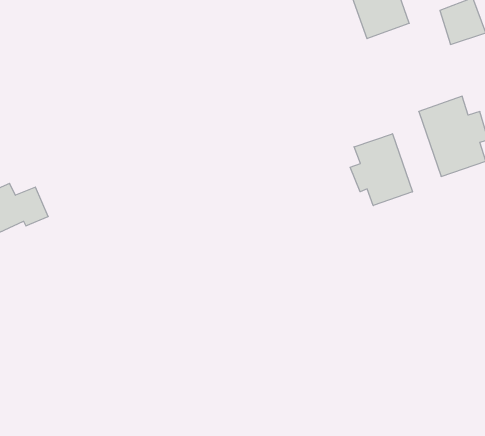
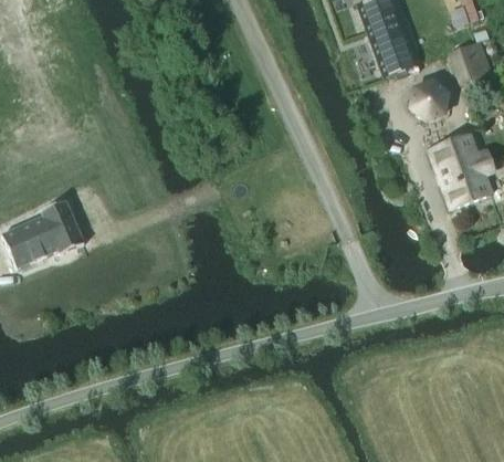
building: none -> [412,82,448,118]
building: [350,134,412,206] -> none

